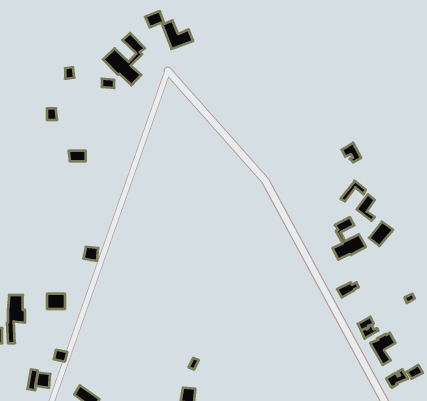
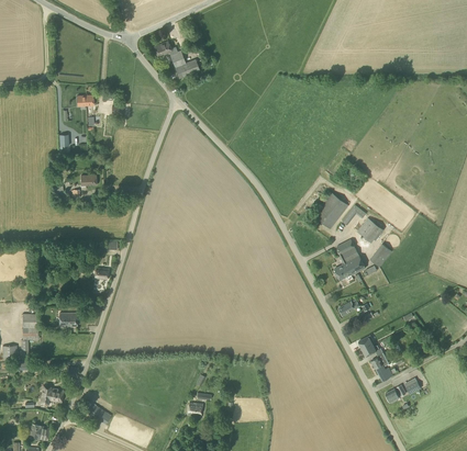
building: [103,33,145,85] -> none
building: none -> [313,191,348,227]

